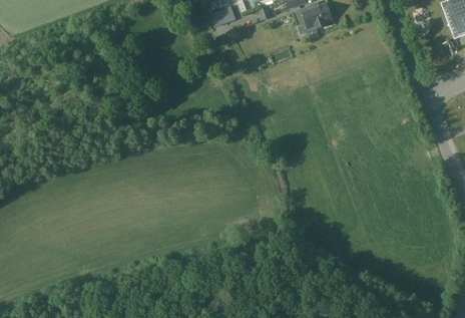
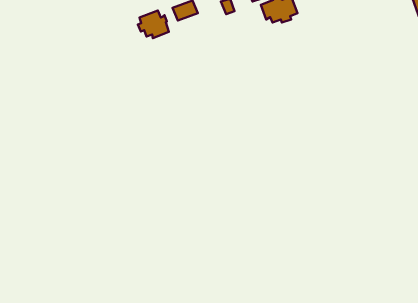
building: none -> [138,11,169,38]

